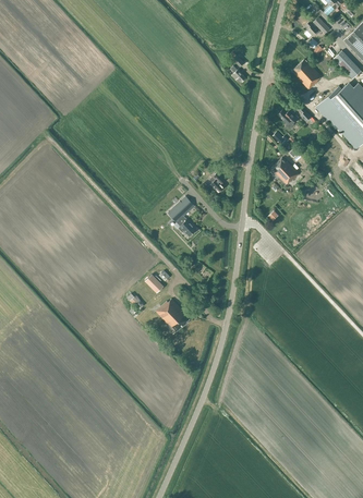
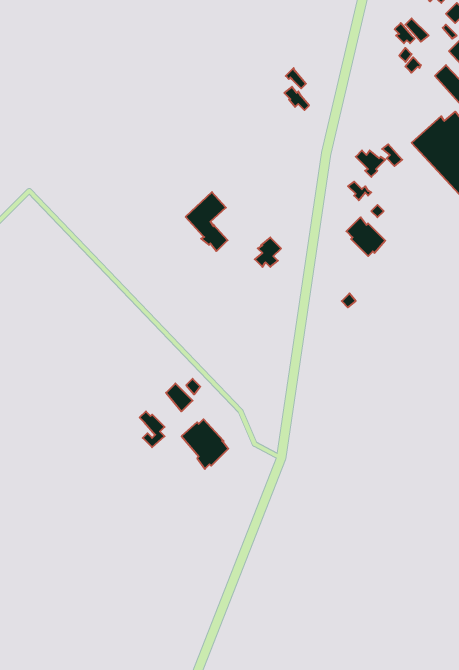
building: [291,59,320,89] -> none
building: [167,195,196,236] -> [186,192,228,251]

